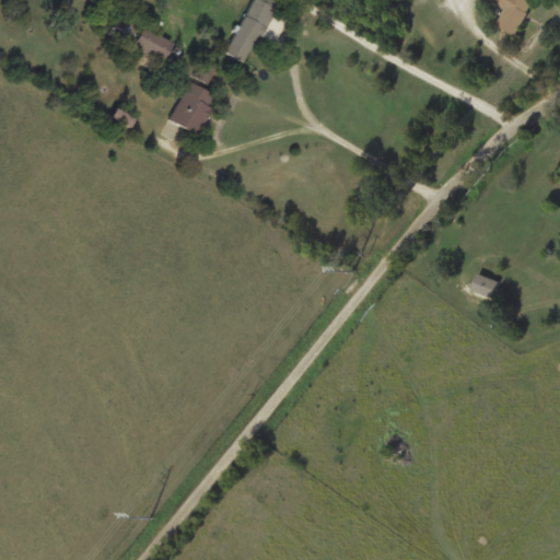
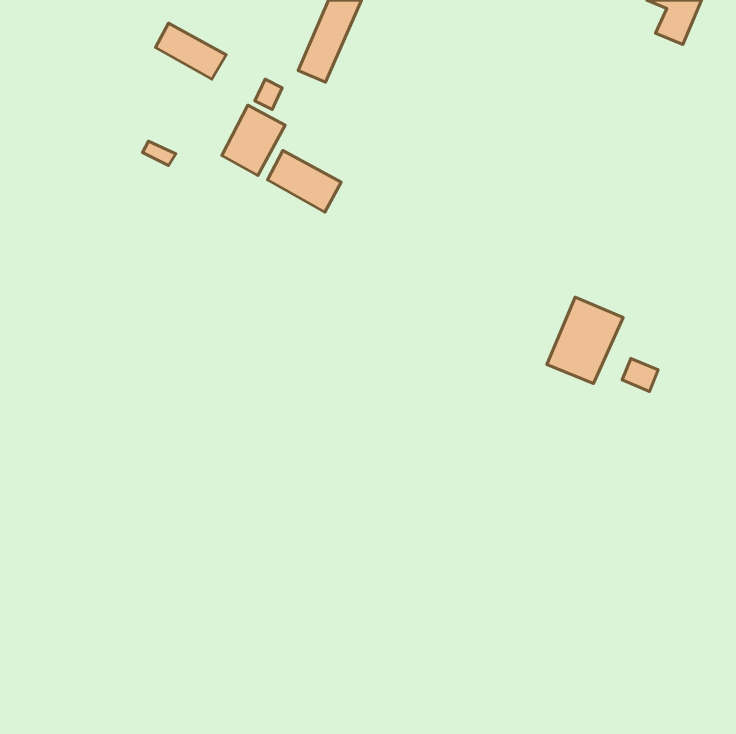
building: none -> [268,151,341,212]
building: none -> [547,297,623,383]

